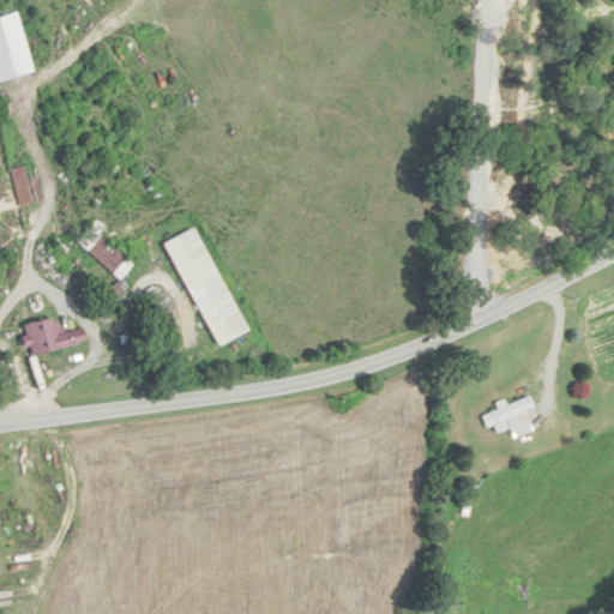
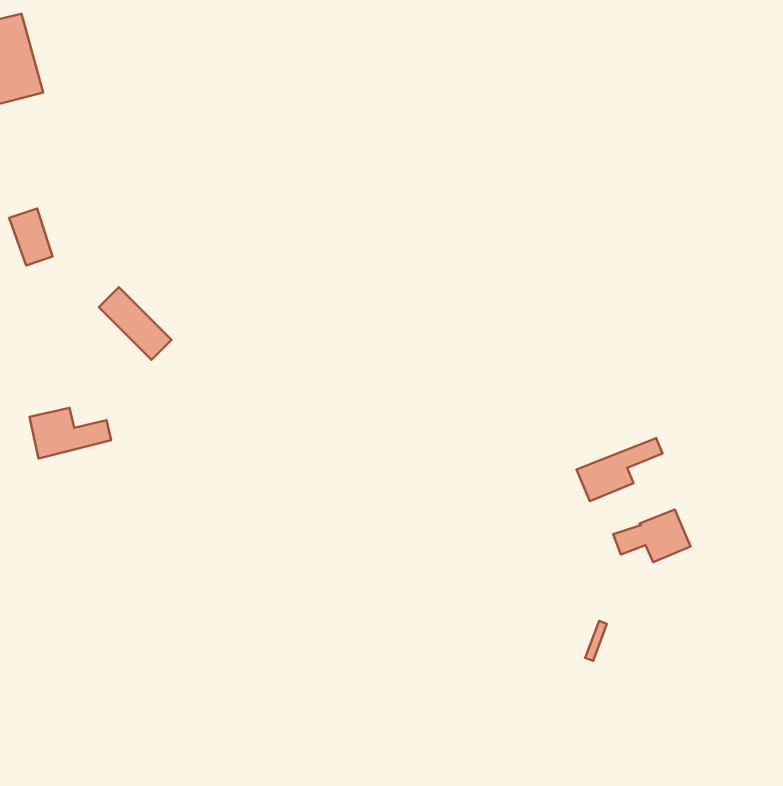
building: [164,227,247,347] -> none
building: none -> [576,438,663,501]

